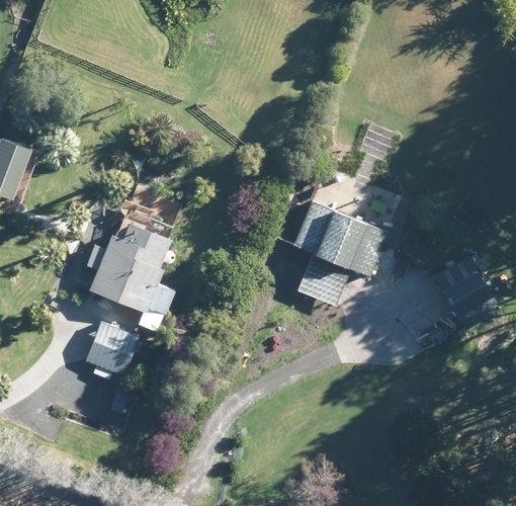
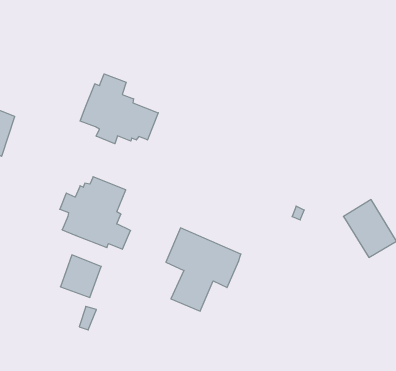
building: none -> [80,74,158,144]
building: [291,198,384,302] -> [166,228,241,311]

